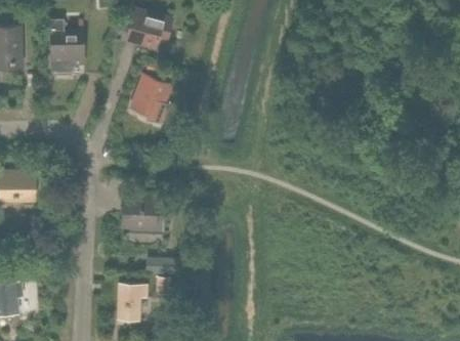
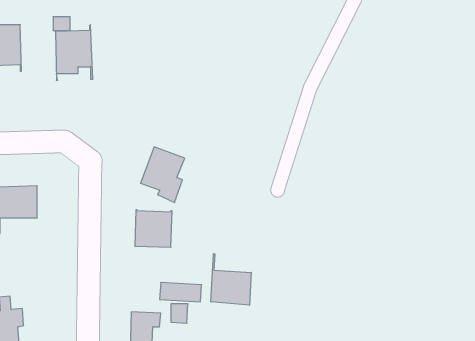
building: [126,9,172,48] -> none
building: [131,76,171,126] -> [141,147,185,203]
building: none -> [211,254,251,305]

